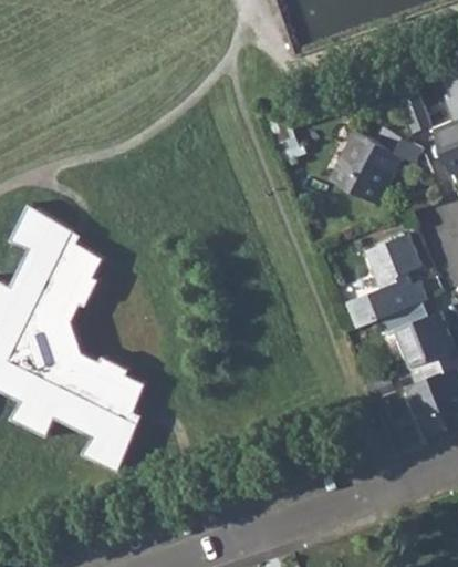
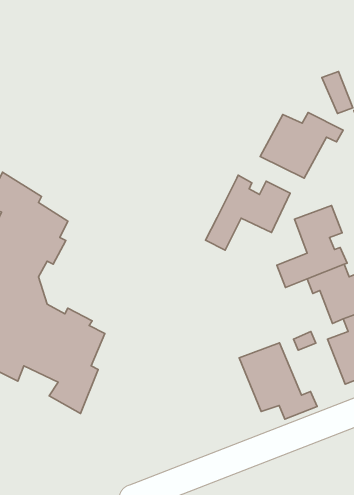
building: none -> [205,175,290,250]
building: none -> [239,343,317,419]

